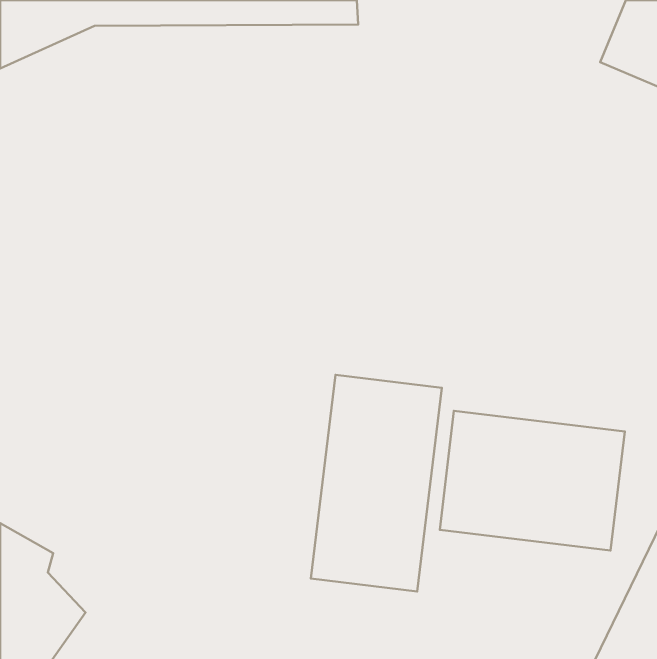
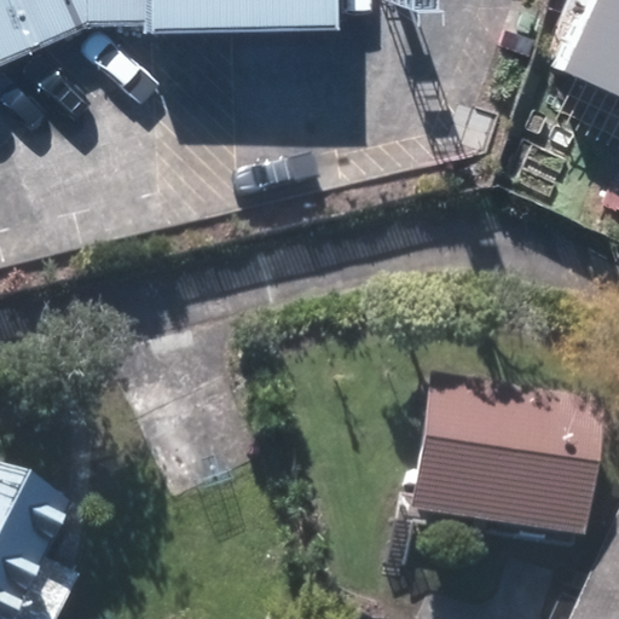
building: [311,375,442,592] -> none

